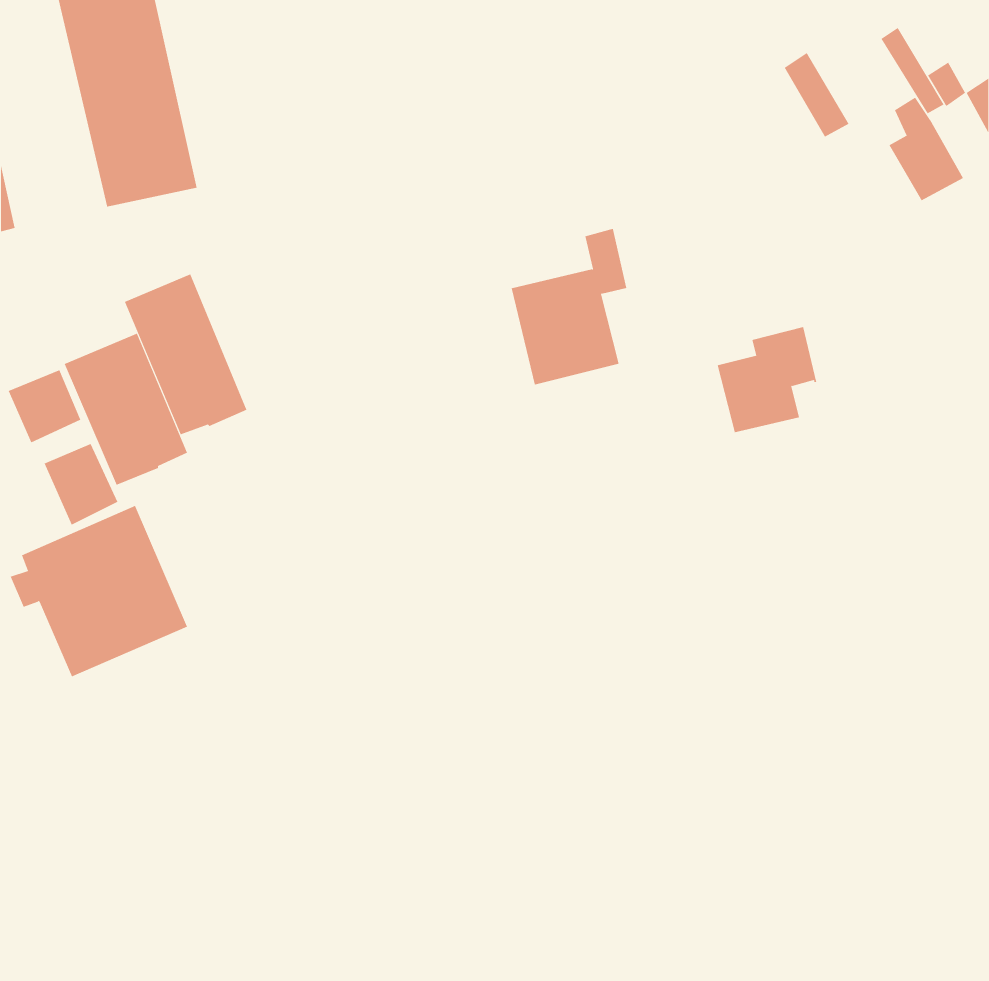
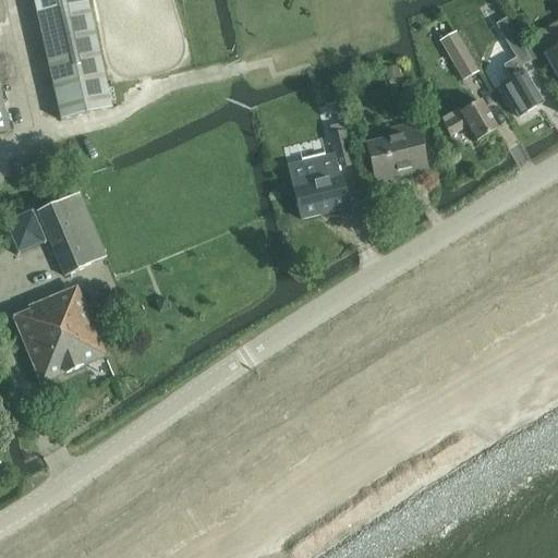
building: none -> [444,98,497,138]
building: [124,274,247,435] -> none
building: [717,326,817,433] -> [366,120,423,180]
building: [44,443,118,525] -> none

